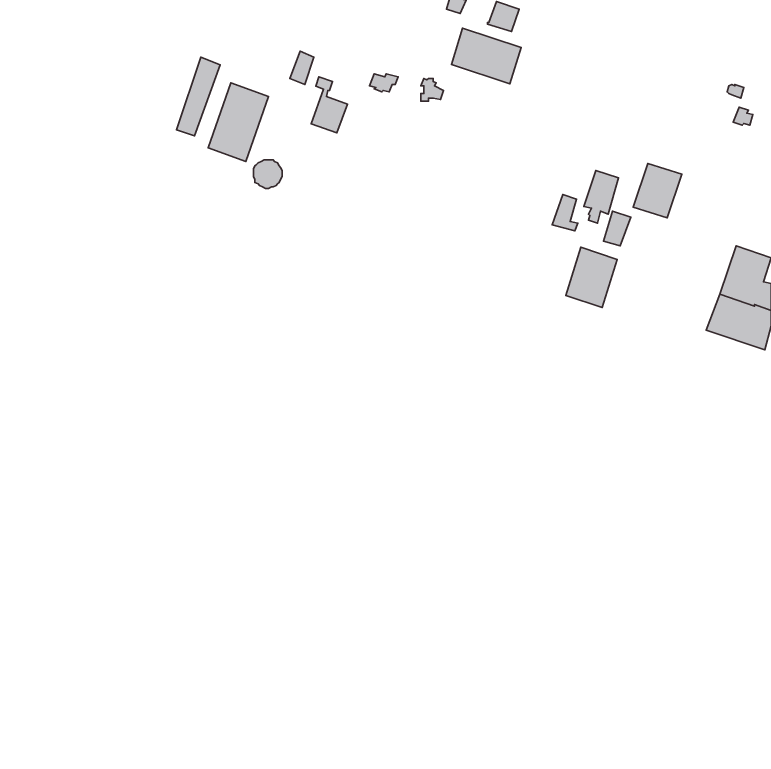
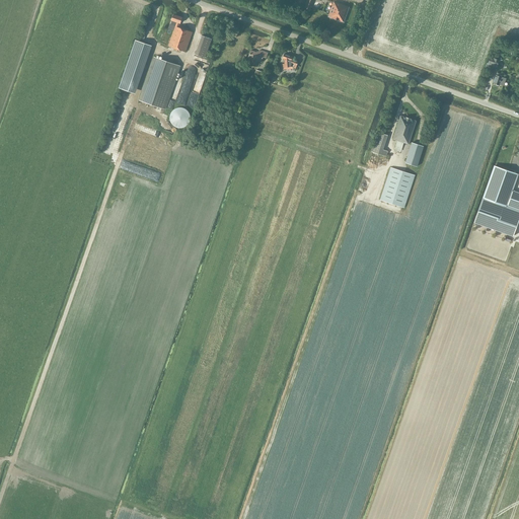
building: [451,28,521,84] -> none
building: [311,77,347,133] -> [168,13,193,51]
building: [633,164,682,218] -> none

